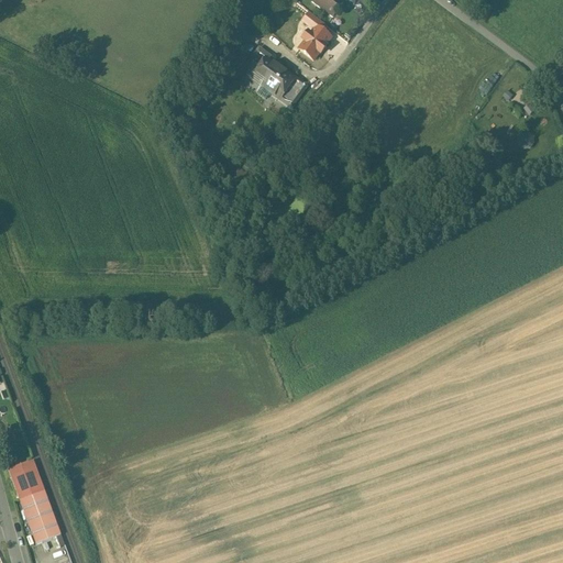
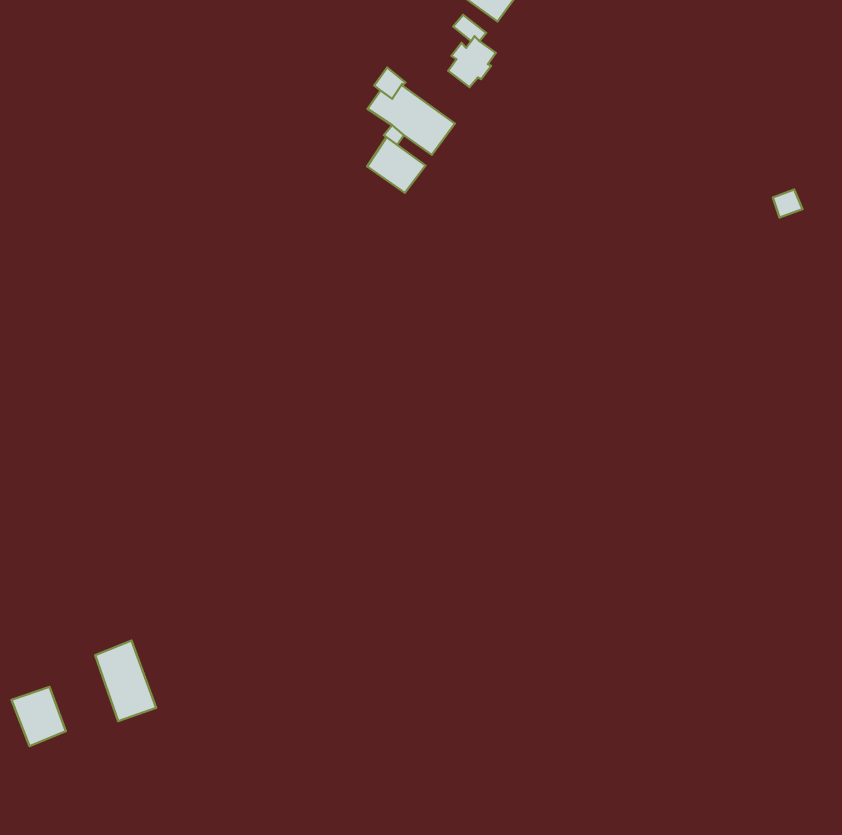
building: none -> [367,137,425,193]
building: [20,488,60,542] -> [95,640,156,721]

